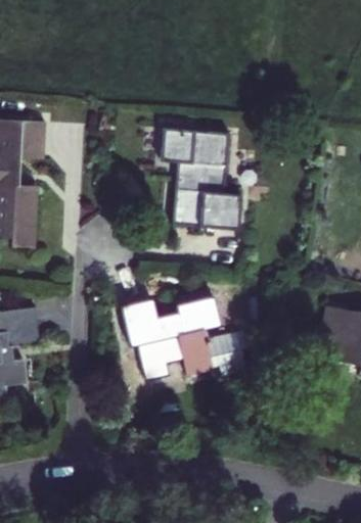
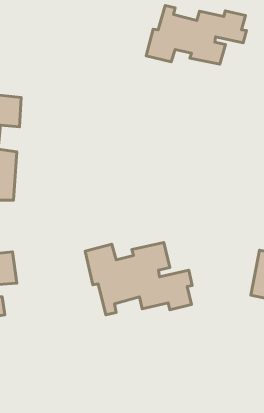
building: none -> [146,5,246,64]
building: [162,127,240,228] -> none

